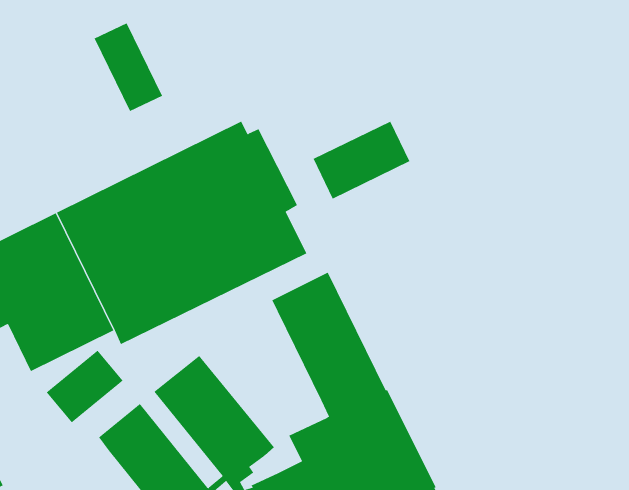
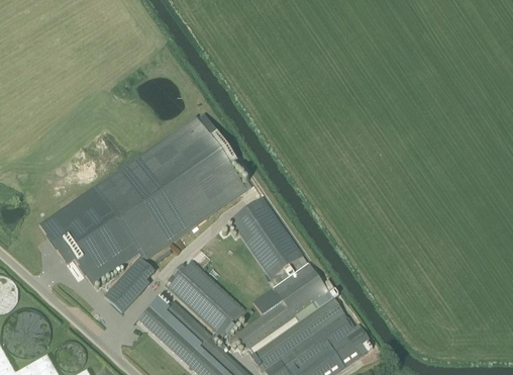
building: [94,22,163,112] -> none
building: [313,121,410,199] -> none

